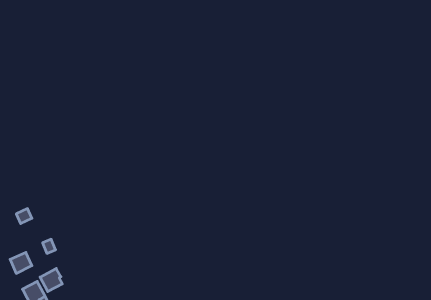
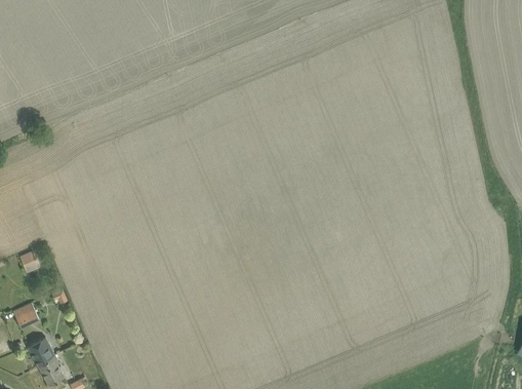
building: [40,268,62,292] -> none

